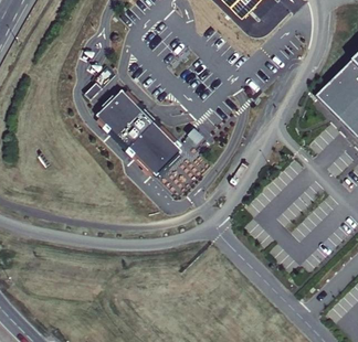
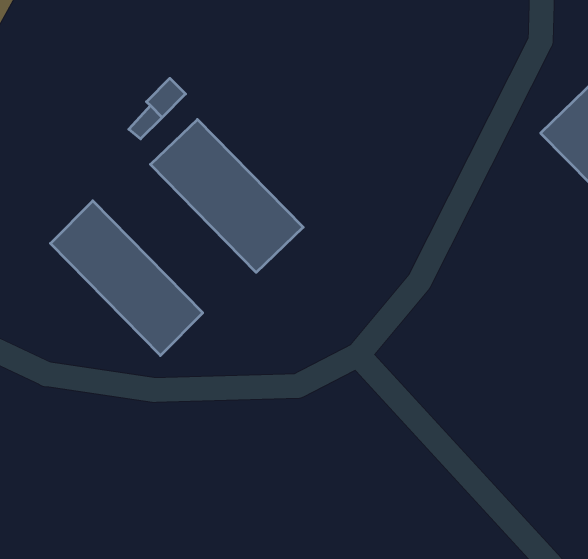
building: none -> [50,201,203,356]

